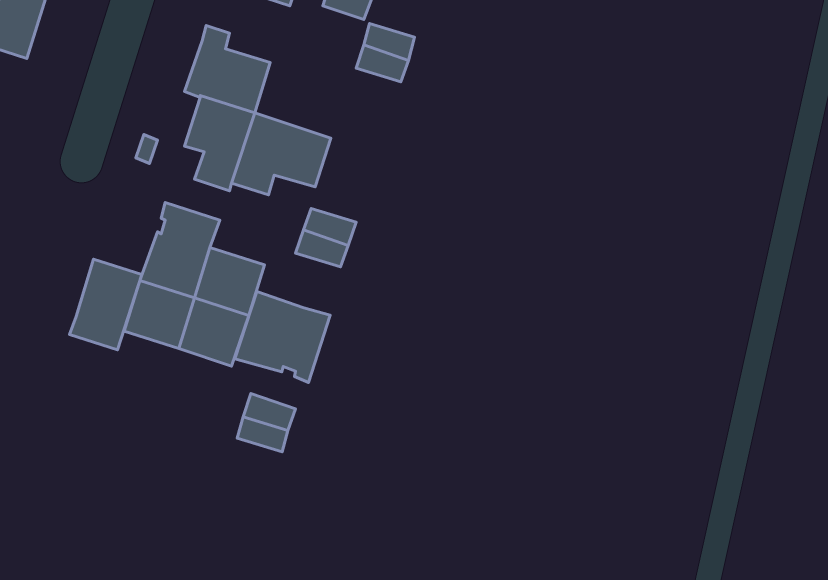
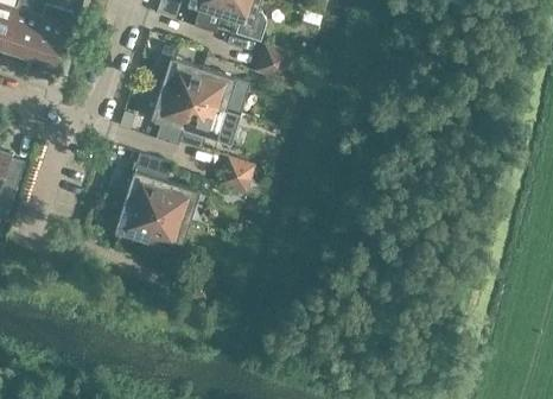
building: none -> [192,66,249,113]
building: [69,259,142,350] -> none
building: [235,291,330,382] -> none

